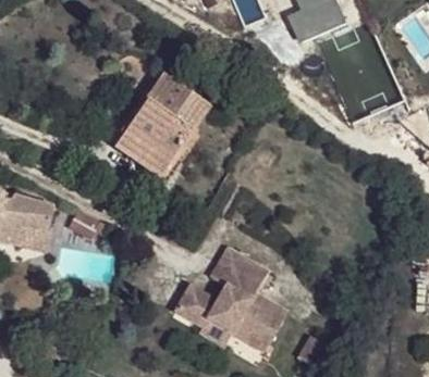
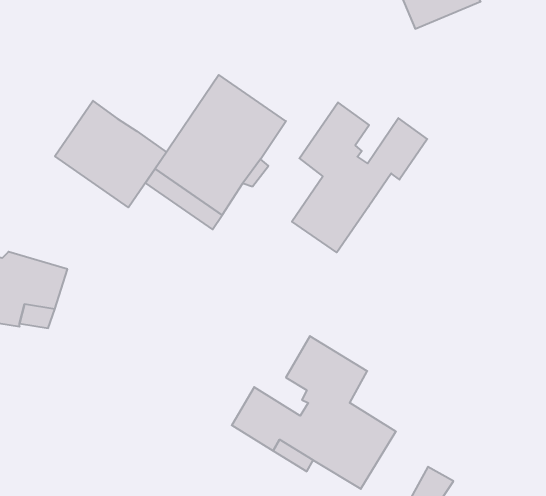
building: none -> [55,101,167,207]
building: none -> [292,102,427,252]

